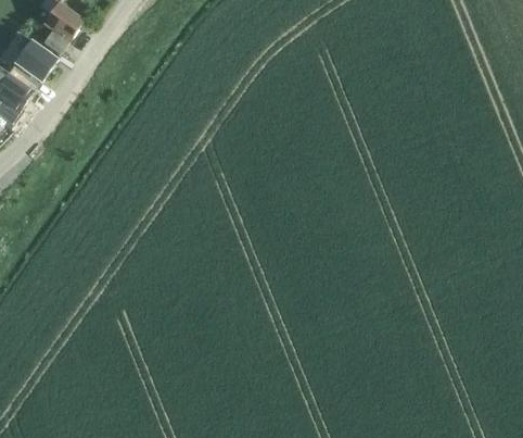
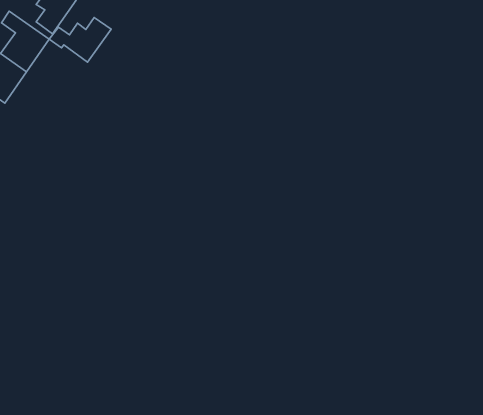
building: none -> [49,18,111,62]

